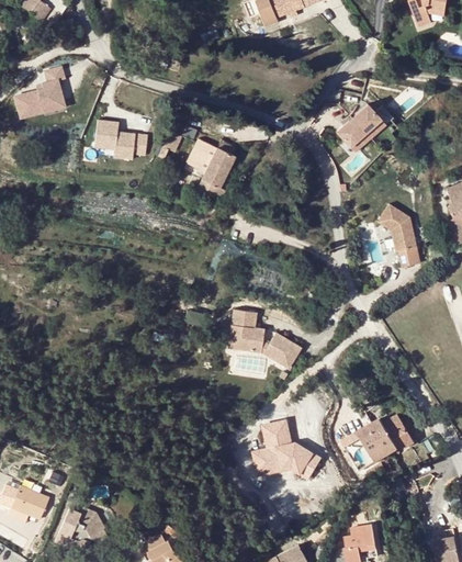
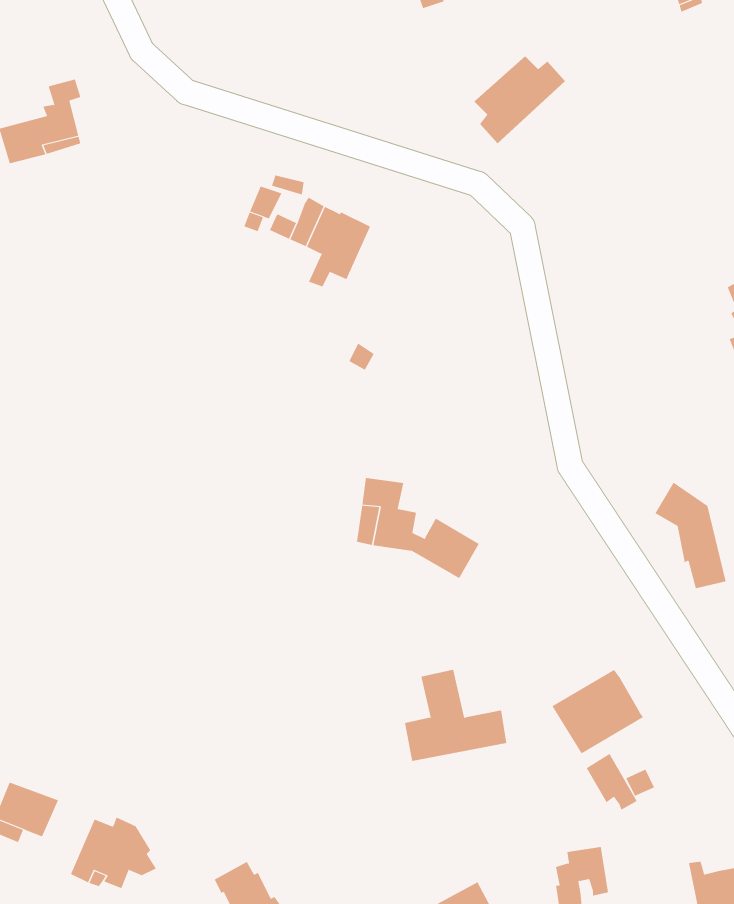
building: [338,104,393,157] -> [474,55,566,144]
building: [95,115,148,154] -> none
building: [380,204,422,268] -> [655,482,727,589]
building: [383,415,414,449] -> [586,753,637,811]

